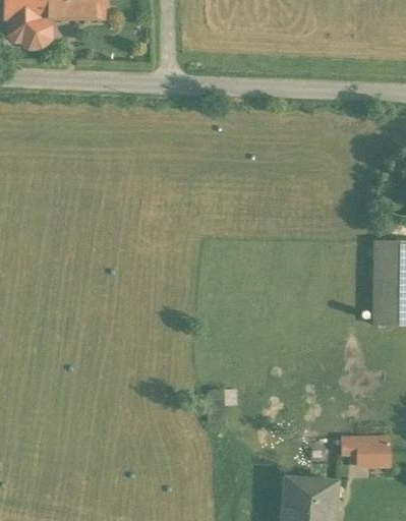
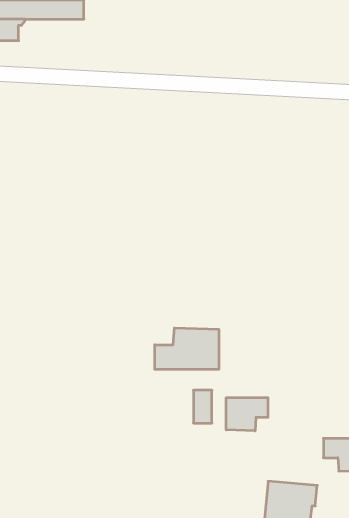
building: none -> [155,328,219,369]
building: none -> [226,398,268,431]

